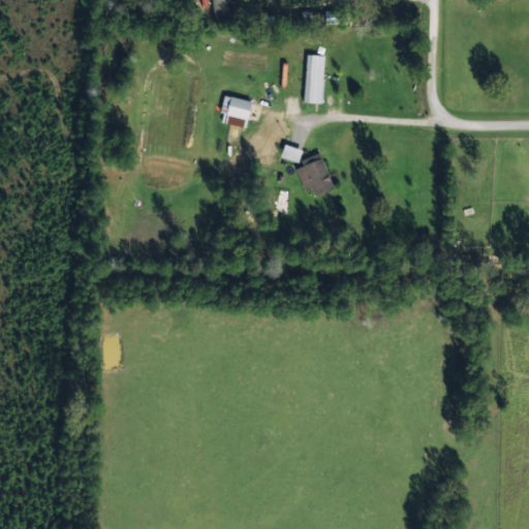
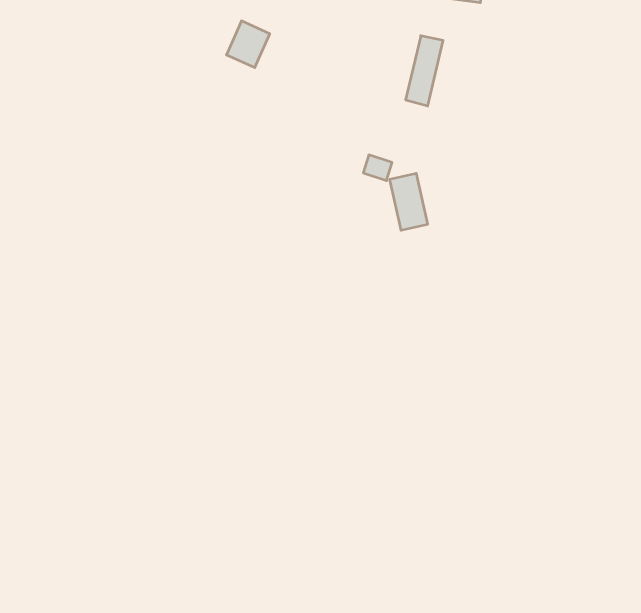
building: [222,95,251,127] -> [226,21,270,68]

